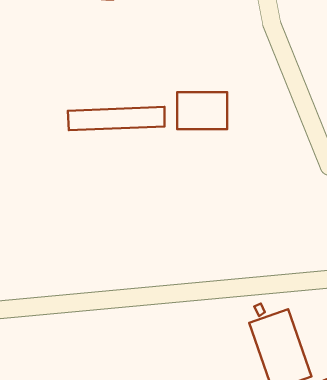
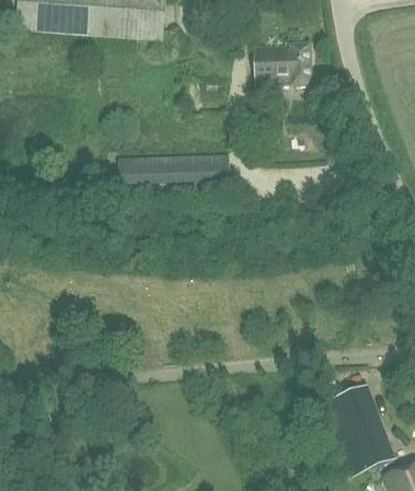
building: [177,92,227,129] -> [255,43,311,84]

